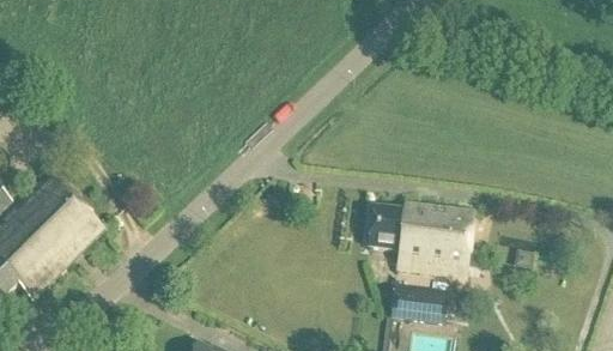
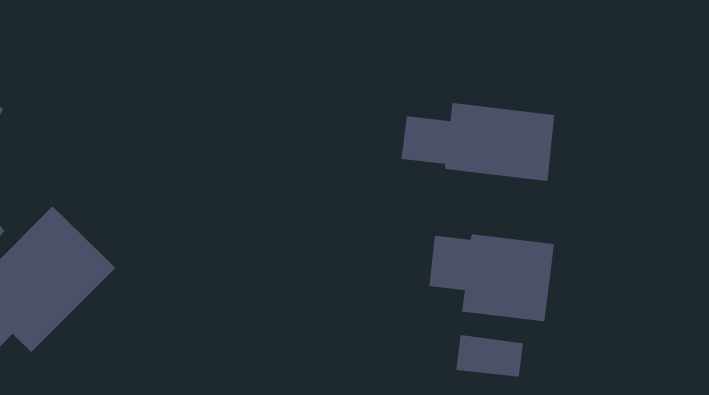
building: none -> [401,102,555,182]

